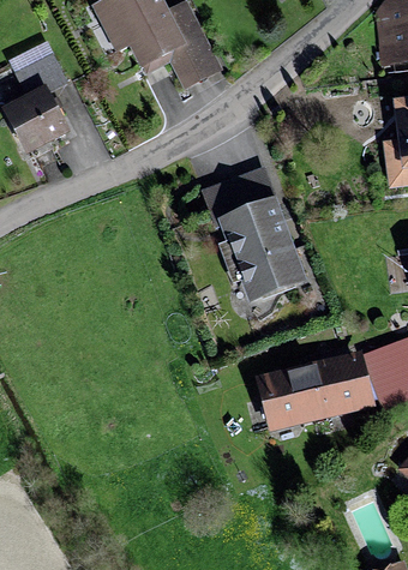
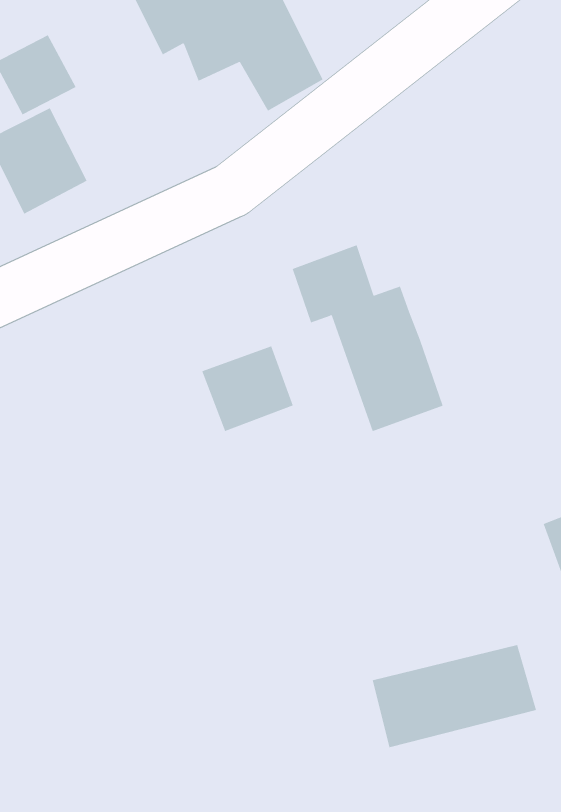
building: none -> [202,346,294,432]
building: [263,355,368,421] -> [372,645,537,748]

